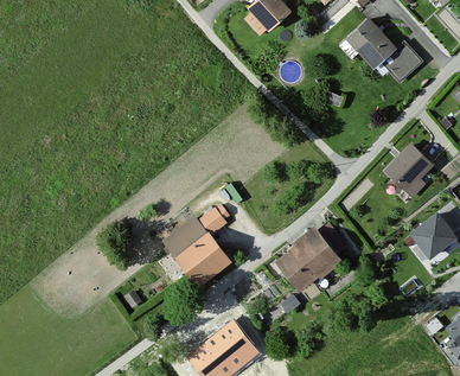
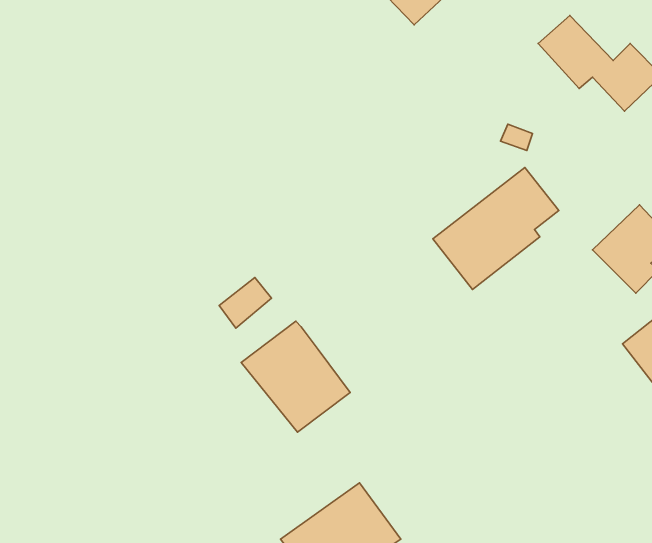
building: [198,202,231,234] -> [219,277,272,328]
building: [270,217,350,294] -> [433,167,559,289]

